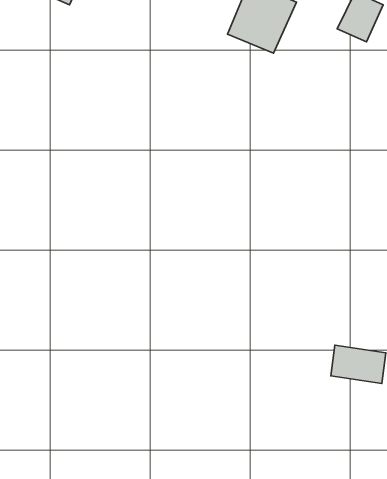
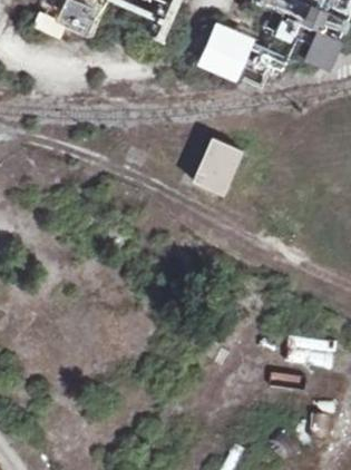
building: none -> [189,138,237,195]

